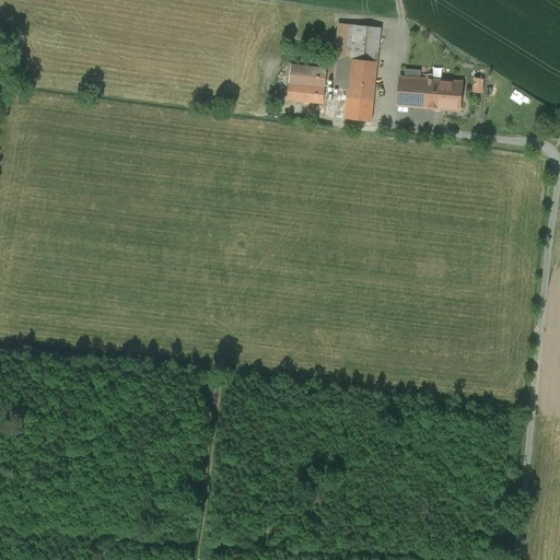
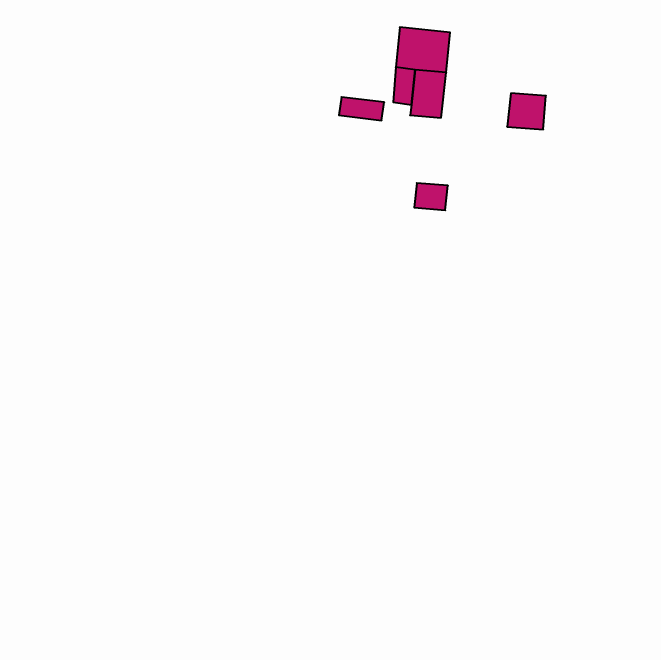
building: [289,63,326,86] -> none
building: [397,75,432,107] -> none
building: [345,97,373,120] -> [414,183,448,210]

